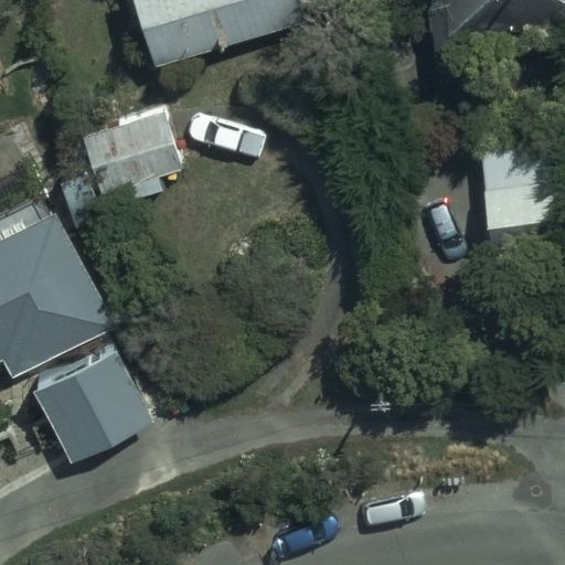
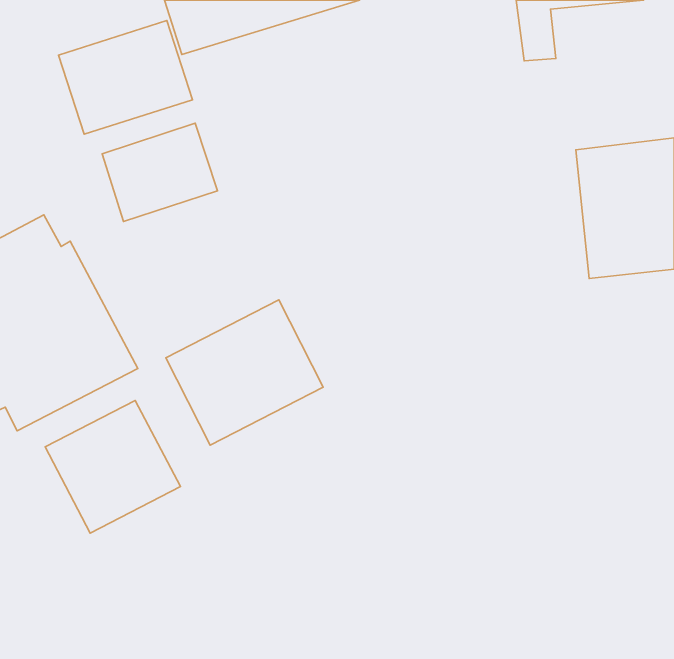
building: none -> [58,21,192,134]
building: none -> [166,300,323,445]

